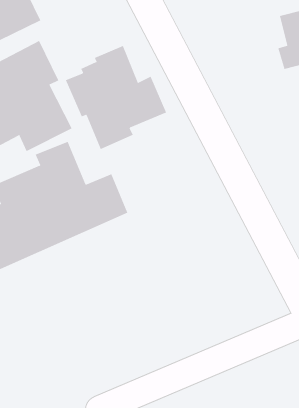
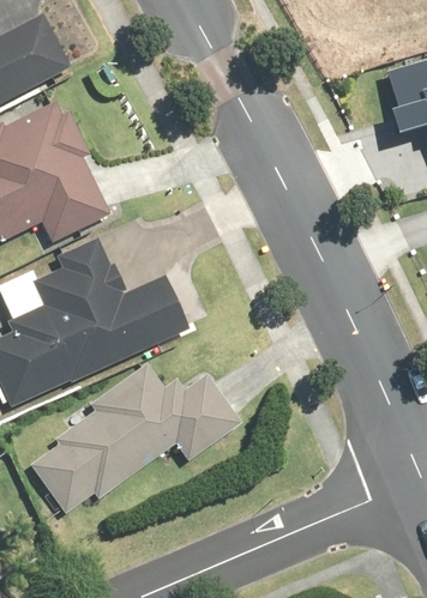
building: [65,45,167,150] -> none
building: none -> [30,361,241,514]

